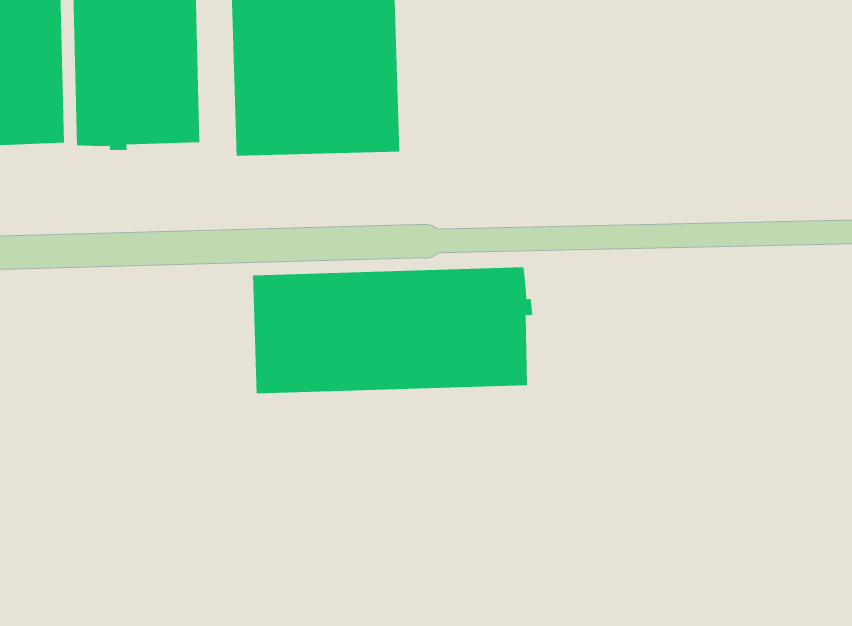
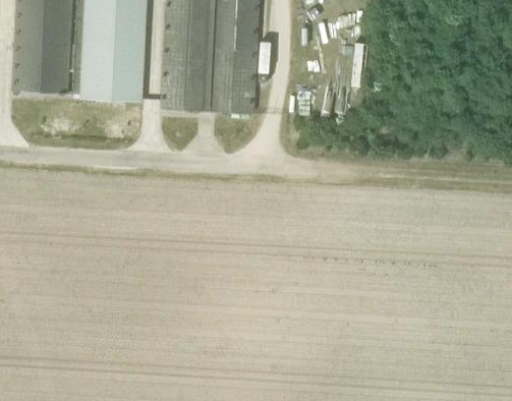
building: [252,267,533,394] -> none

